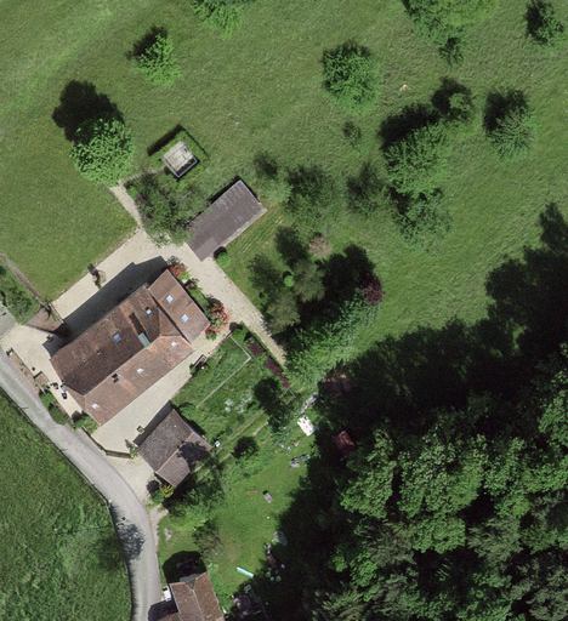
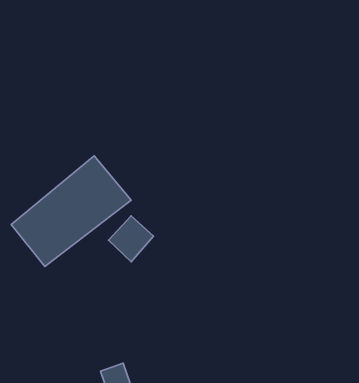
building: [186,192,266,266] -> none
building: [136,421,204,490] -> [108,216,154,262]

